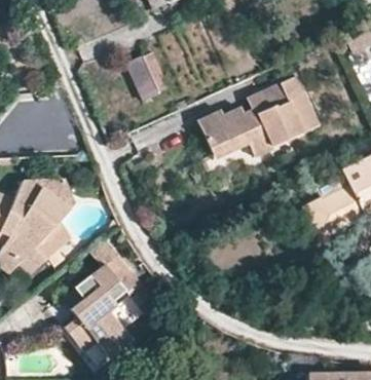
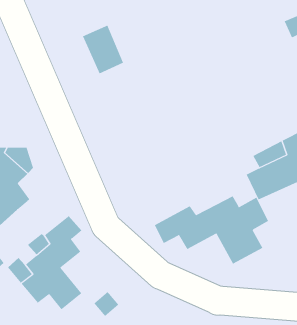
building: [202,82,323,165] -> none
building: none -> [154,195,269,265]

